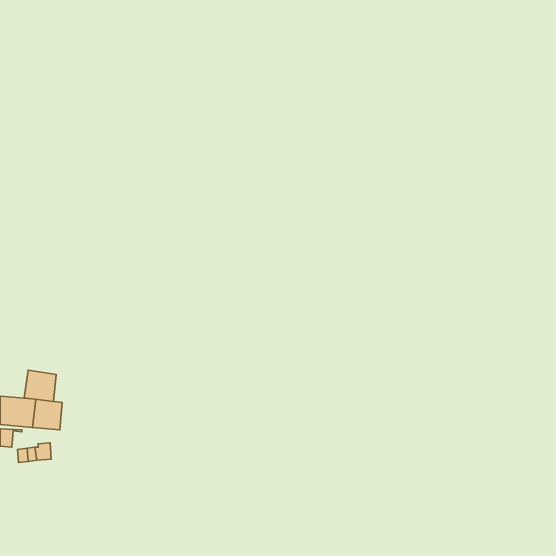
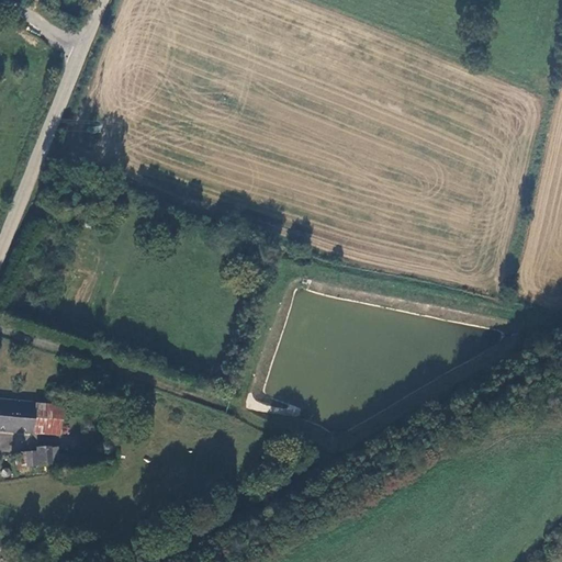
building: [24,370,56,401] -> none

